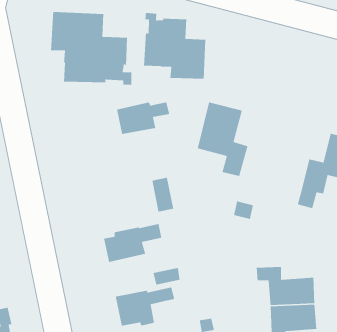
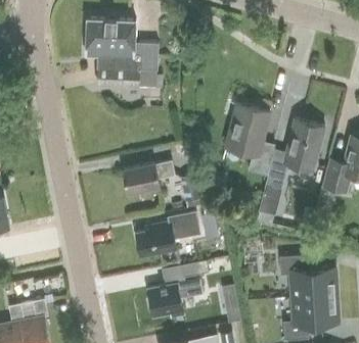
building: [143,12,206,79] -> none
building: [116,102,170,135] -> [122,163,173,195]
building: none -> [266,119,324,188]

